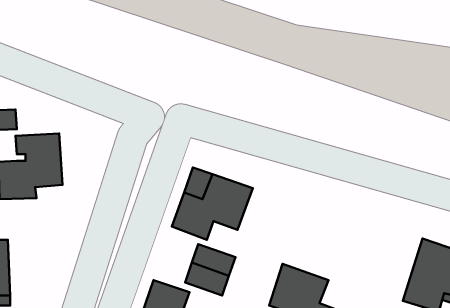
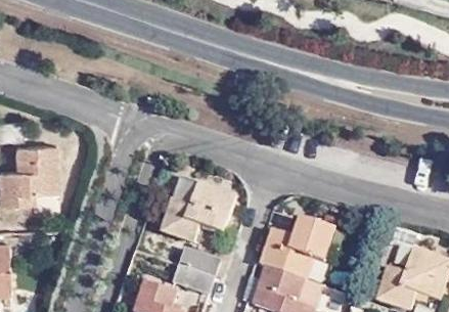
building: none -> [260,219,336,281]

